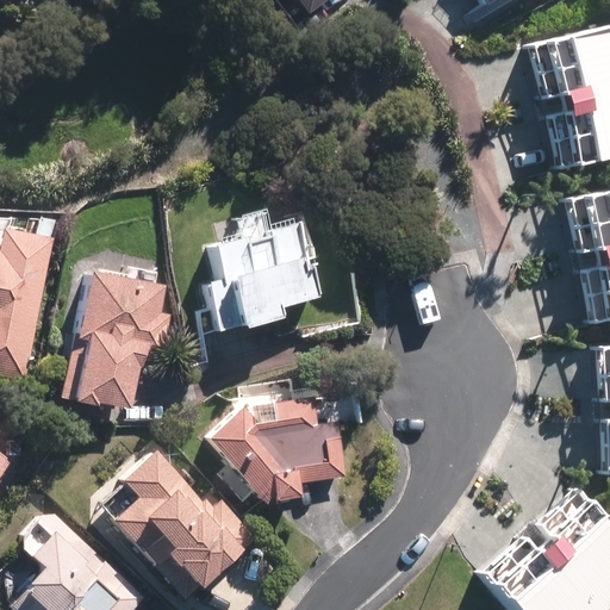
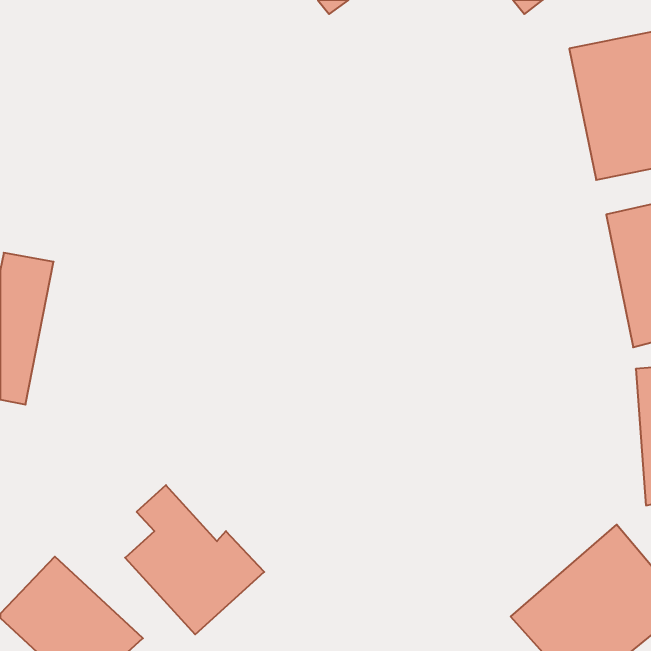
building: [200,228,317,328] -> none
building: [62,274,151,406] -> none
building: [208,397,342,500] -> none

